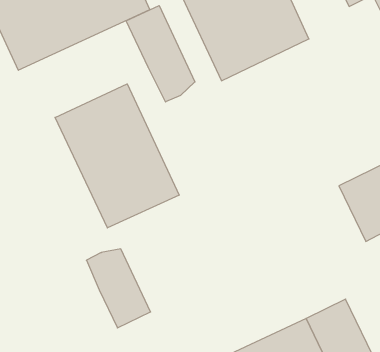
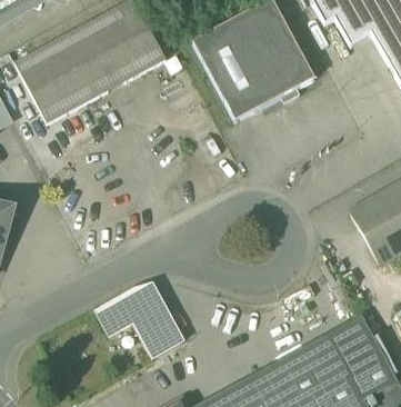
building: [126,6,195,102] -> none
building: [55,84,179,228] -> none
building: none -> [96,294,133,332]

